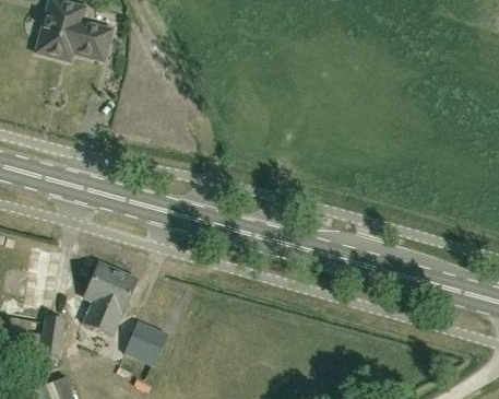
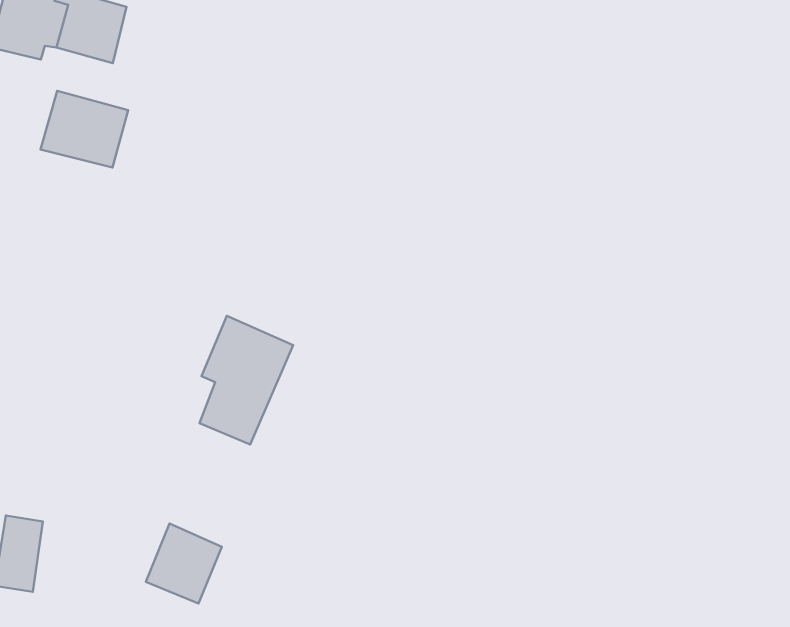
building: none -> [40,91,128,168]
building: [83,262,135,335] -> [200,316,293,445]

